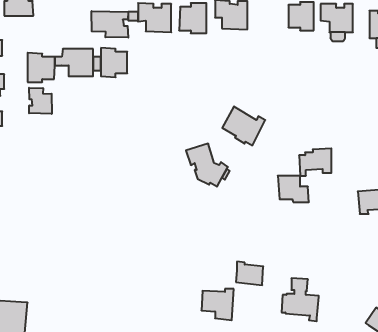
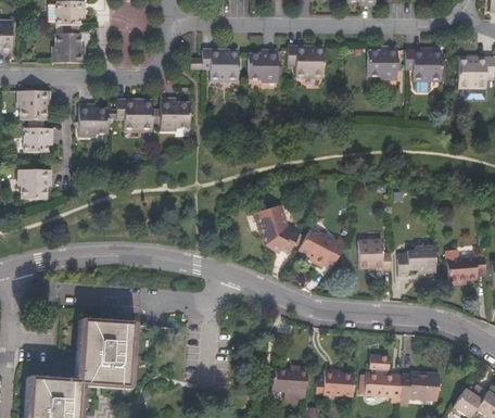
building: [92,11,128,38] -> none
building: [29,88,52,114] -> none
building: [222,106,265,145] -> [299,224,346,267]
building: [299,148,331,176] -> [399,245,435,276]
building: none -> [77,319,130,384]
building: [236,262,263,285] -> [323,368,354,394]
building: none -> [399,371,437,400]

